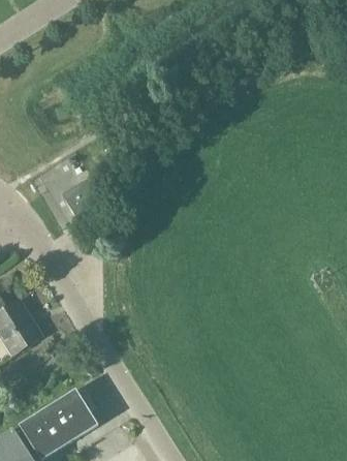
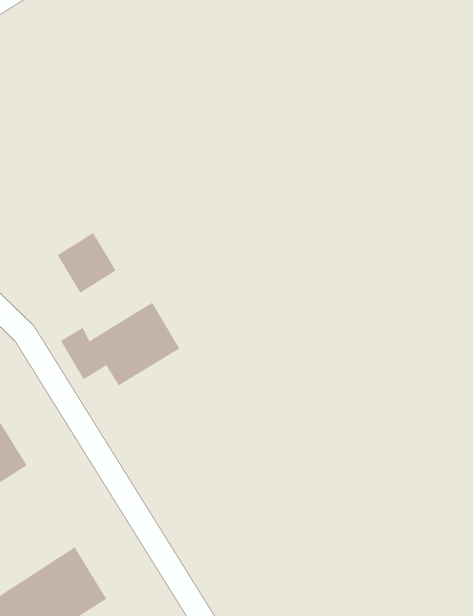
building: none -> [60,302,180,386]

